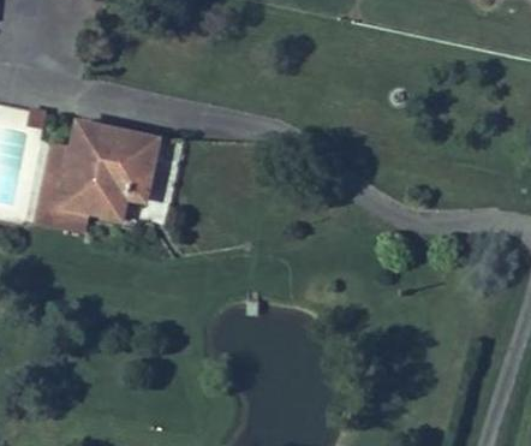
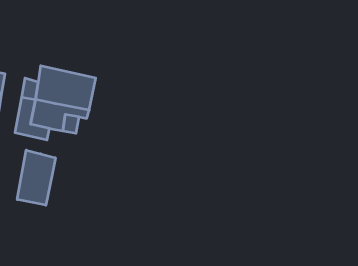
building: none -> [17,150,55,205]

